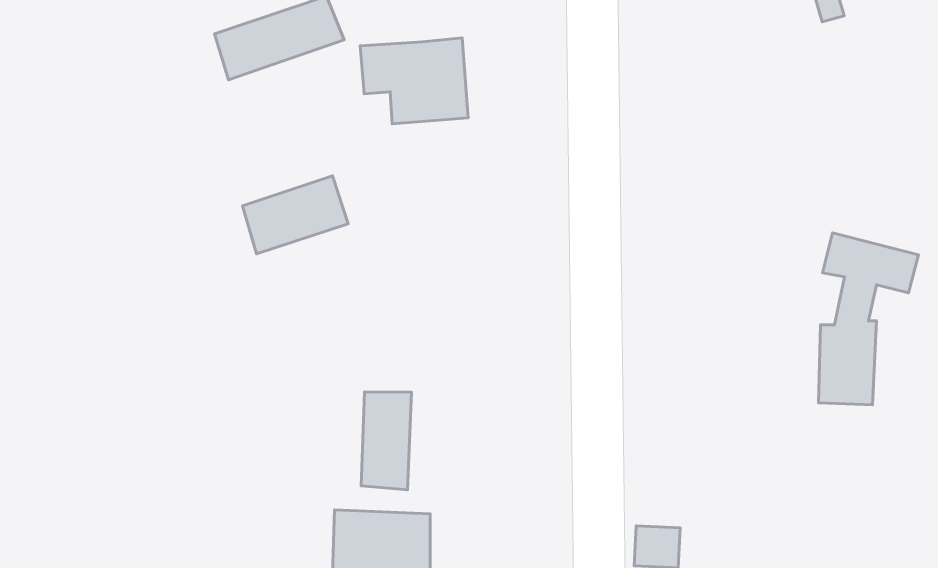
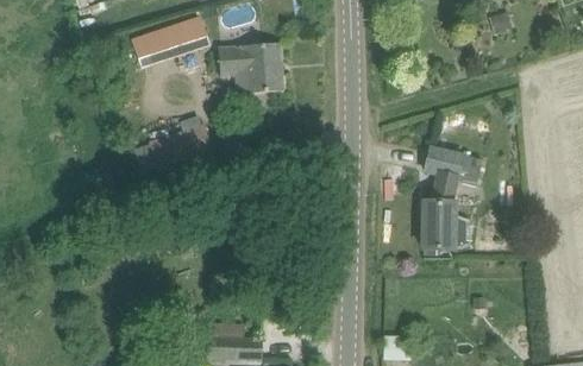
building: [819,233,919,405] -> [421,147,481,250]
building: [361,392,411,490] -> none

